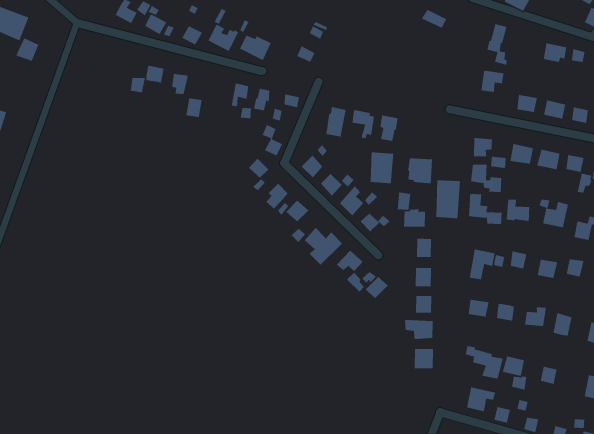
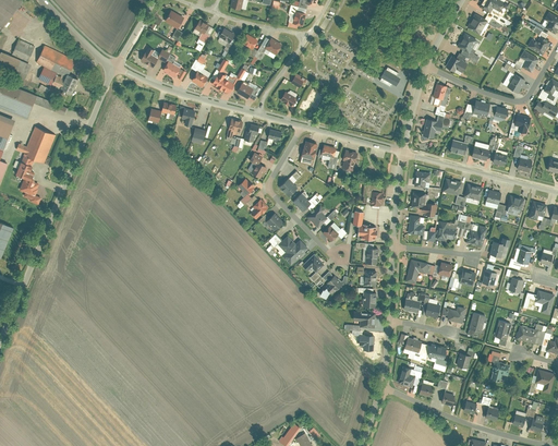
building: [370,152,394,184] -> none
building: [436,179,461,219] -> none

